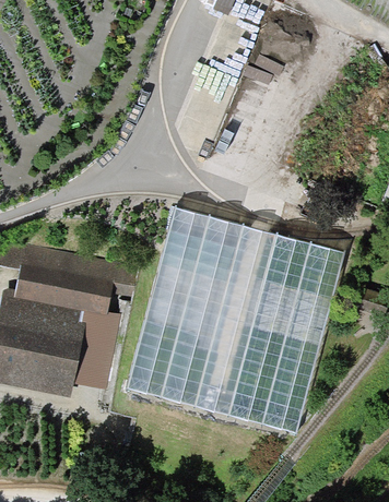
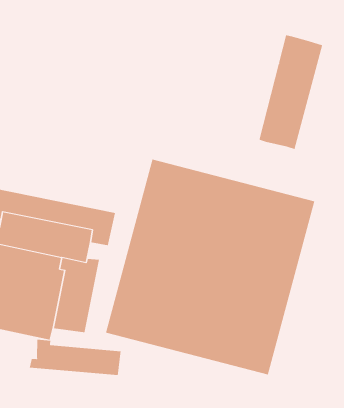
building: none -> [259,35,323,150]
building: none -> [29,339,121,376]

